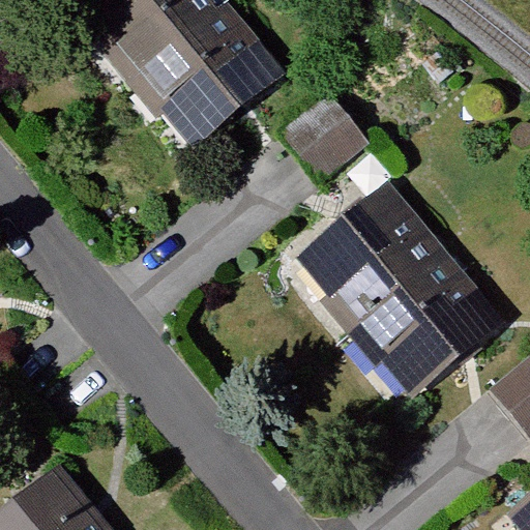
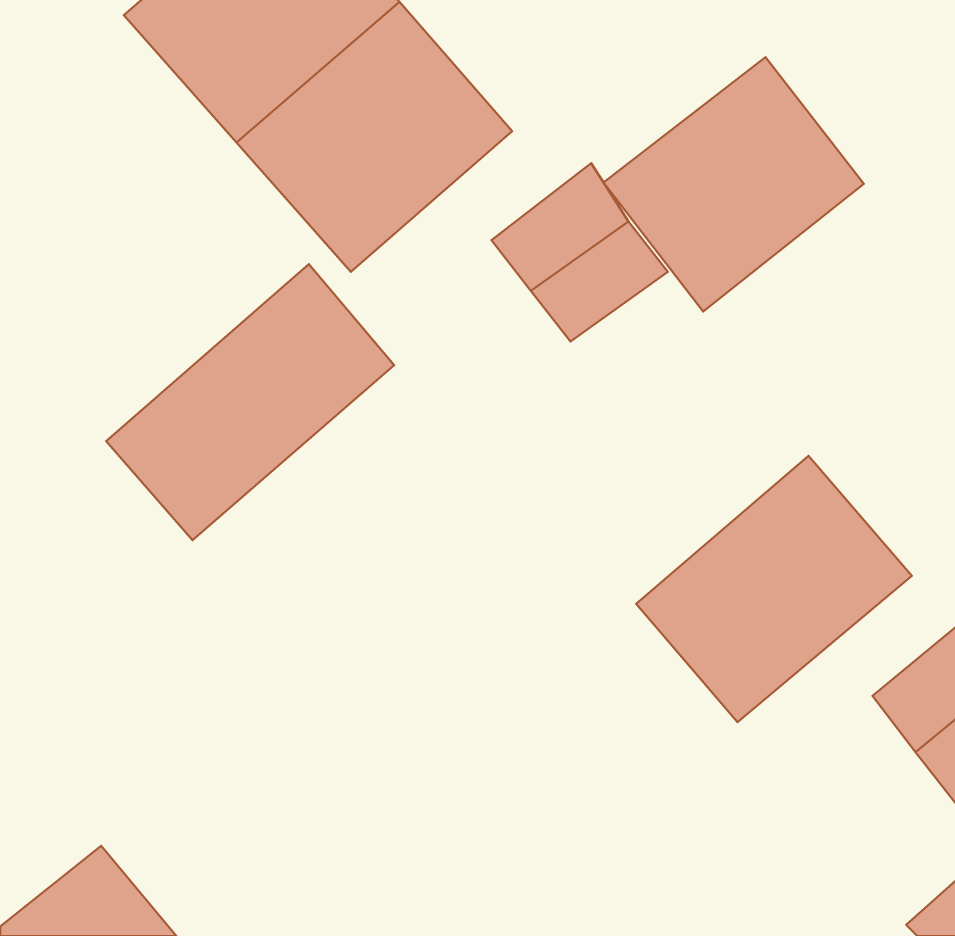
building: none -> [603,57,864,312]
building: none -> [106,264,394,540]
building: [292,181,448,333] -> none

